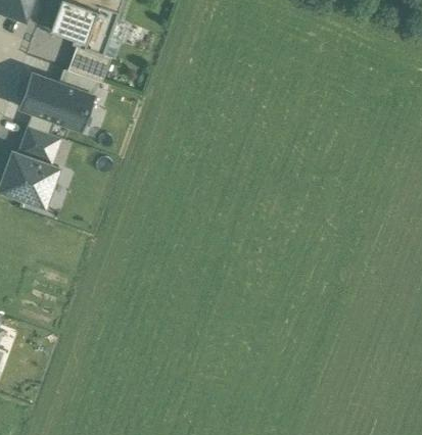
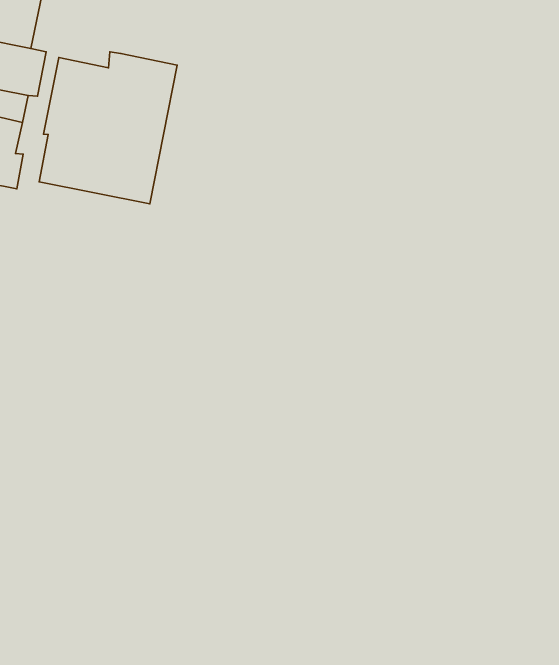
building: none -> [39,52,177,204]

